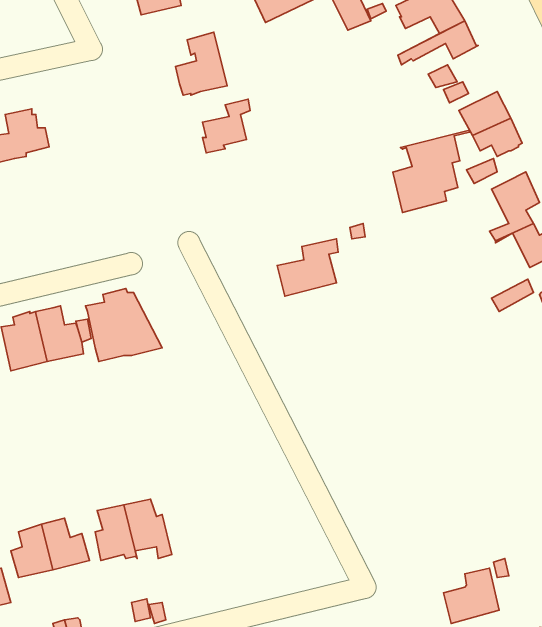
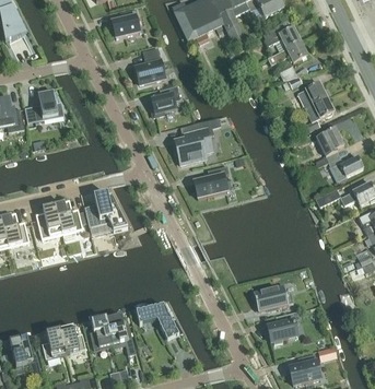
building: [393,130,469,212] -> [175,117,219,164]
building: none -> [254,283,293,311]
building: none -> [136,304,179,340]
building: none -> [267,313,297,343]

